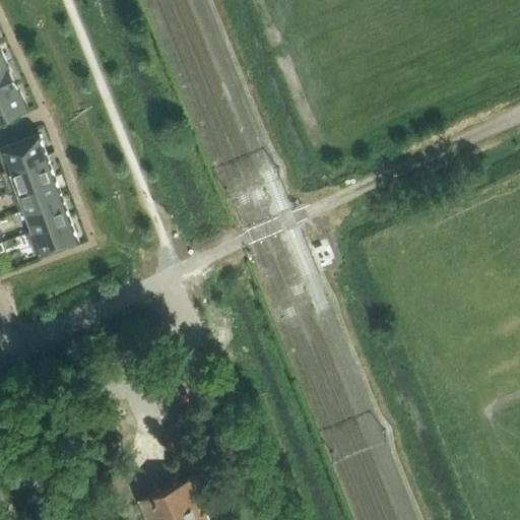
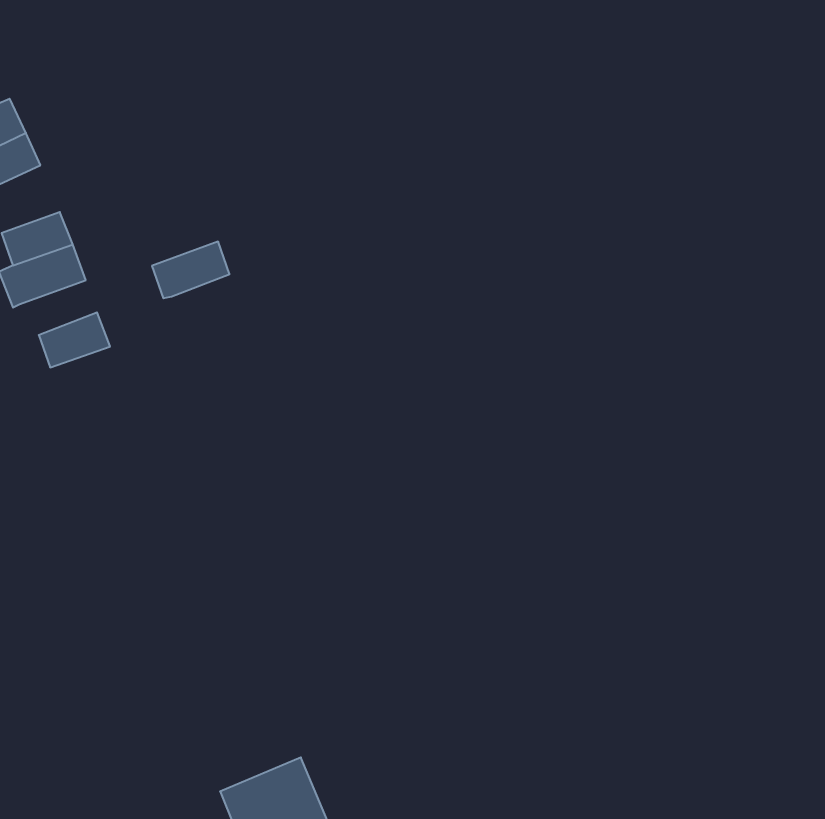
building: [12,181,61,216] -> [152,242,230,298]
building: [31,222,76,256] -> none

